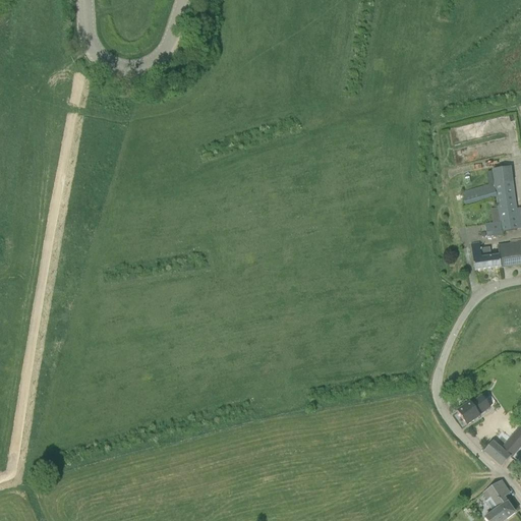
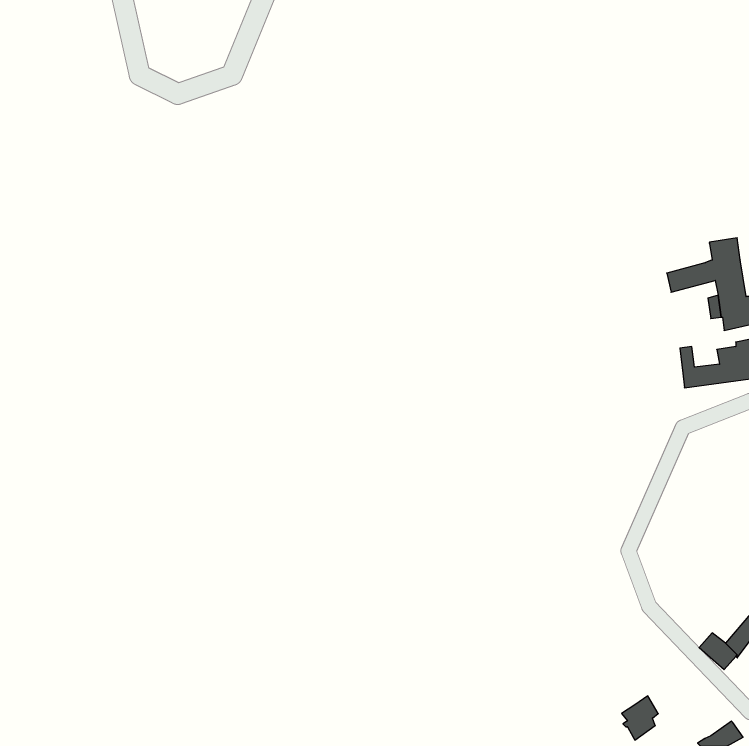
building: [458,395,489,423] -> none
building: [484,479,510,510] -> [622,696,658,740]

